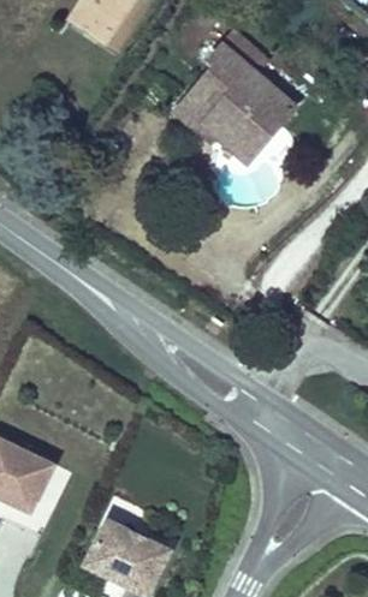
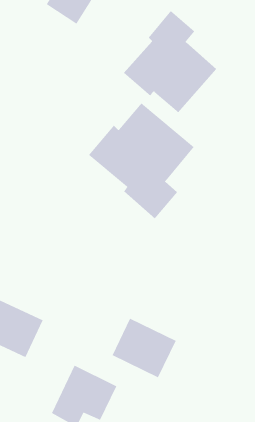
building: none -> [88,102,194,219]
building: none -> [112,318,176,378]

